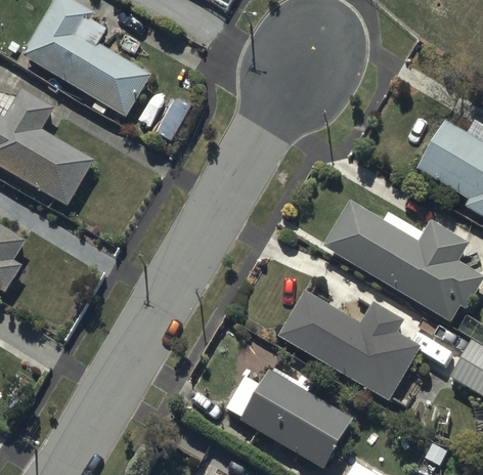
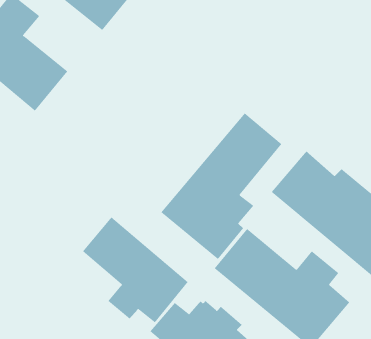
building: none -> [161,113,282,260]
building: none -> [82,217,189,323]

